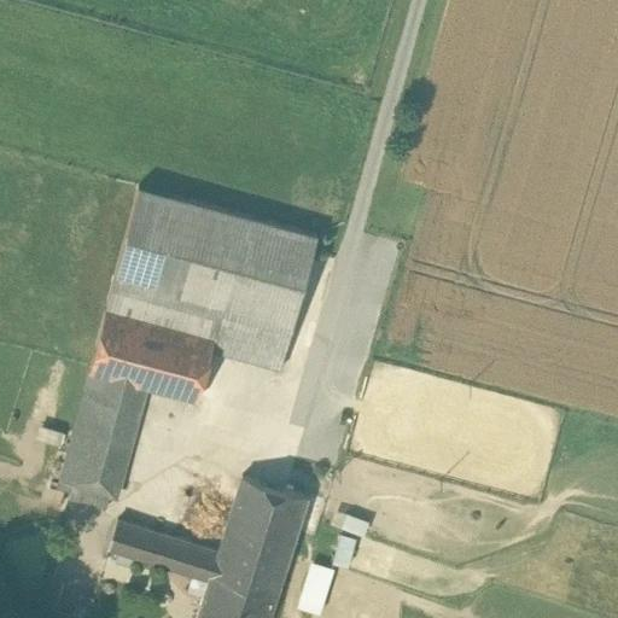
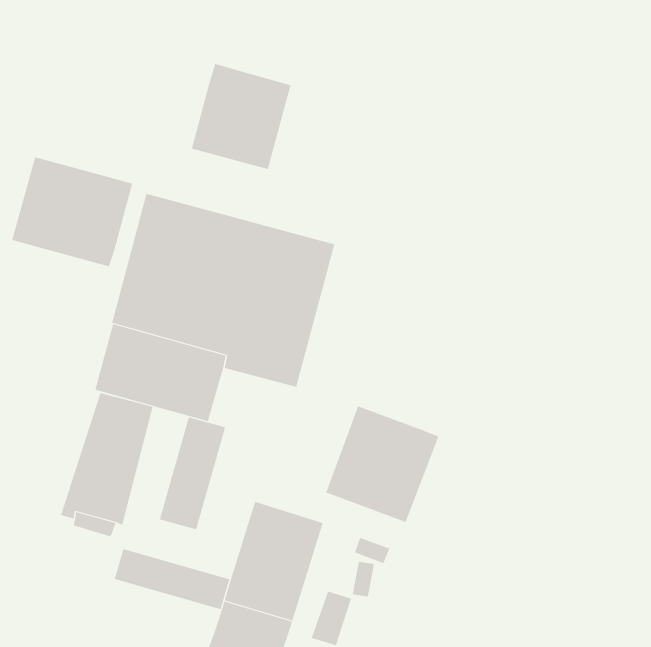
building: none -> [191,63,291,170]
building: none -> [11,157,133,267]
building: none -> [325,405,439,523]
building: none -> [159,416,226,530]

